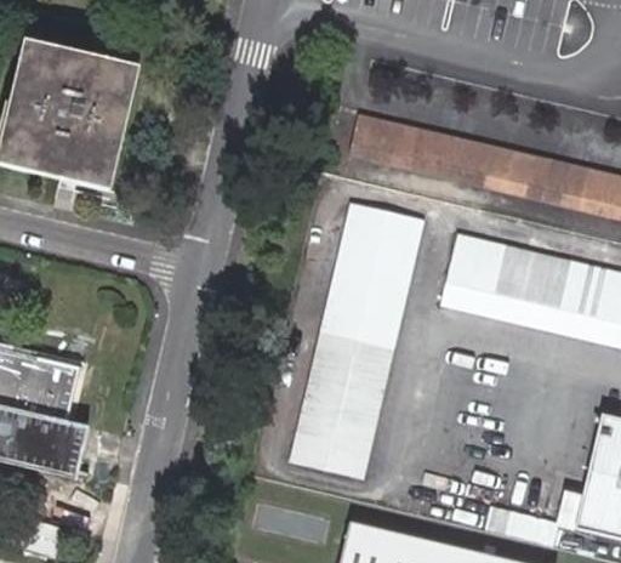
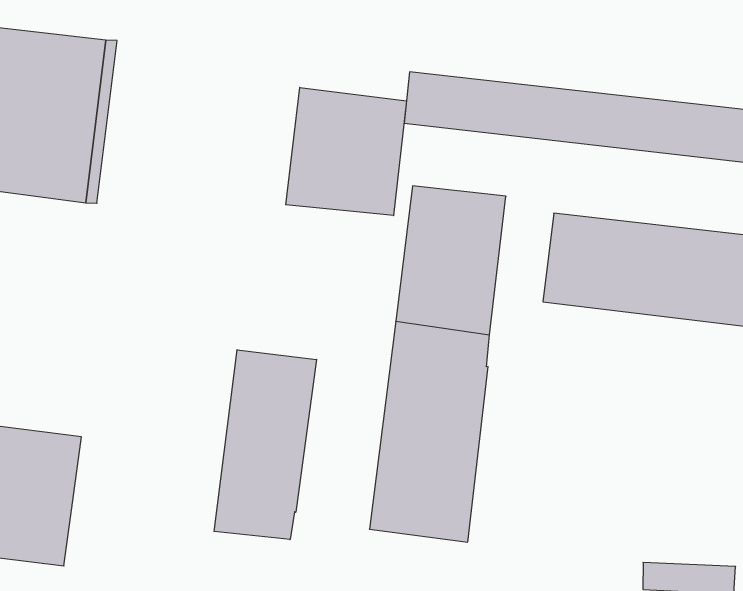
building: none -> [286,87,406,216]
building: none -> [214,350,317,540]
building: [53,420,89,470] -> none

